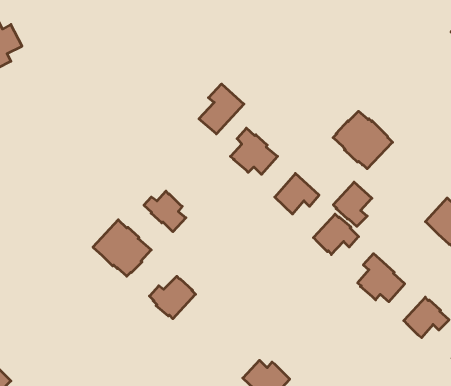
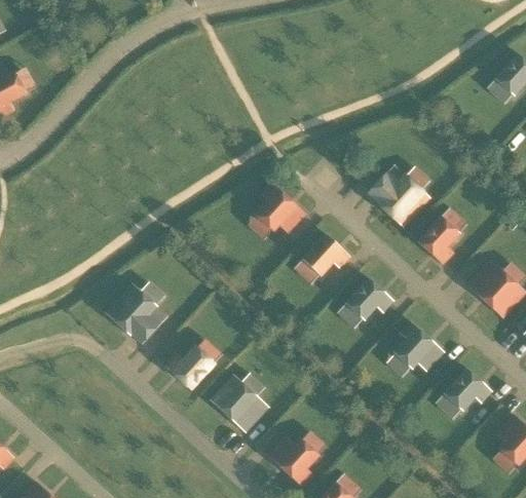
building: [199,84,244,134] -> none
building: [333,182,372,226] -> [418,217,460,265]
building: [144,191,186,232] -> none
building: none -> [211,375,270,433]

